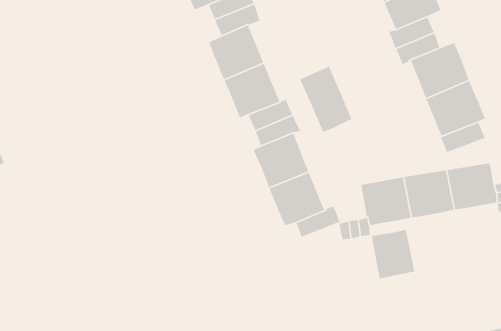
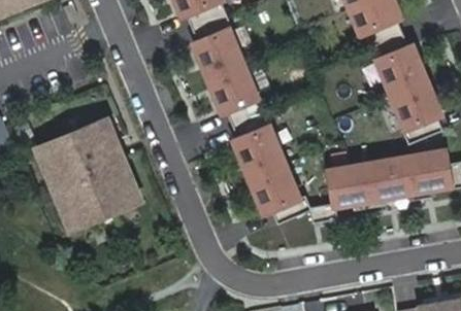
building: [299,65,352,133] -> none
building: none -> [32,116,131,228]
building: [371,229,415,280] -> none

